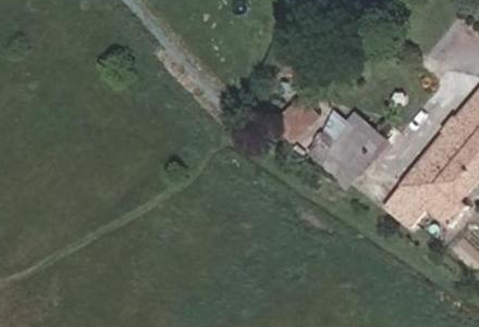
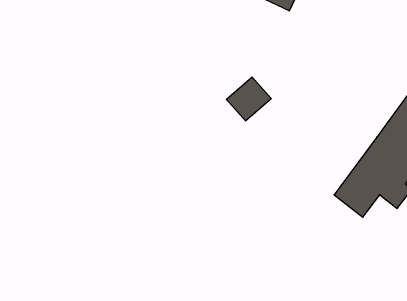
building: [306,100,386,180] -> none

